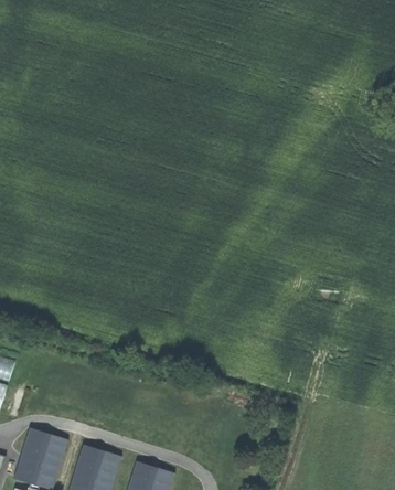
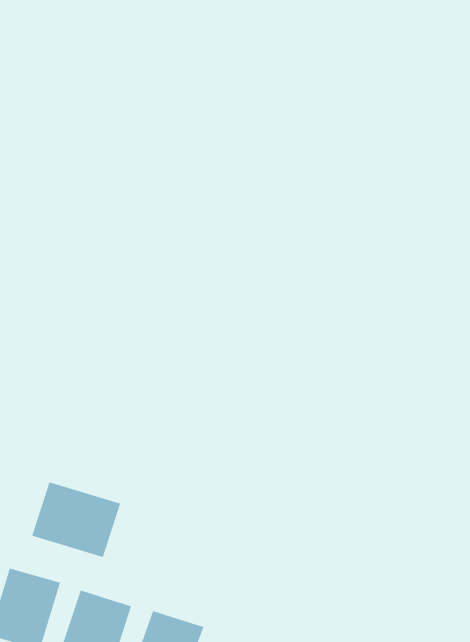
building: none -> [32,482,121,558]

